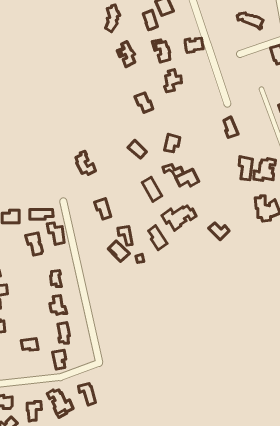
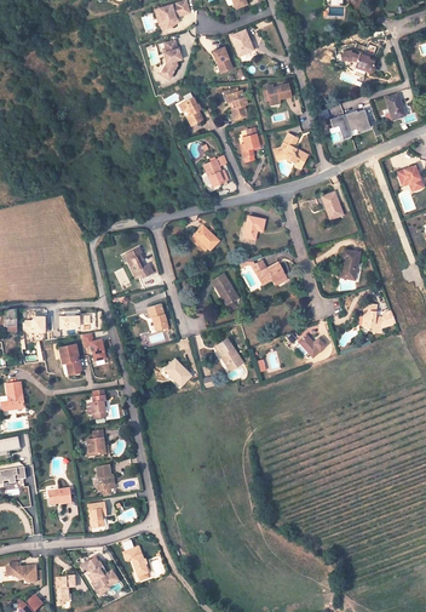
building: none -> [329,109,370,142]
building: none -> [275,133,307,170]
building: [254,159,276,180] -> none
building: [162,206,196,230] -> none

